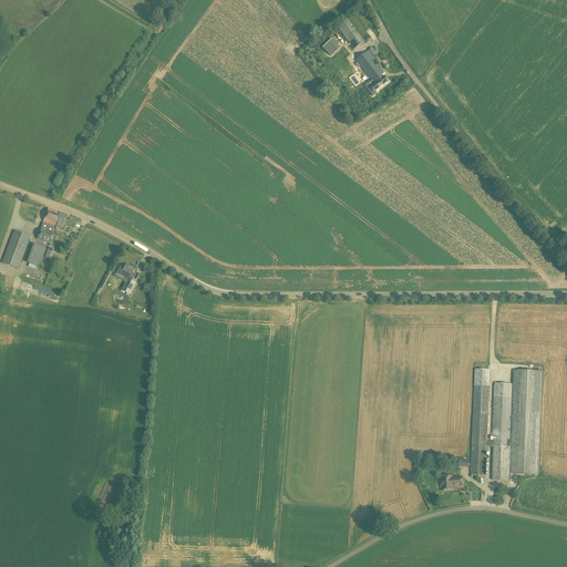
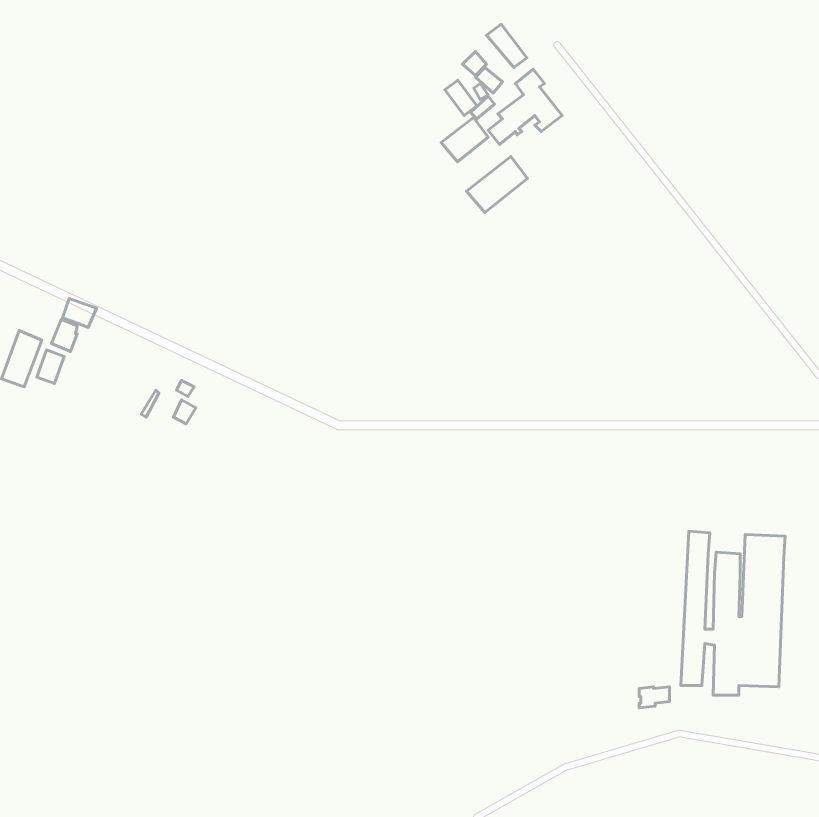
building: none -> [441,118,488,162]
building: none -> [466,157,528,212]

